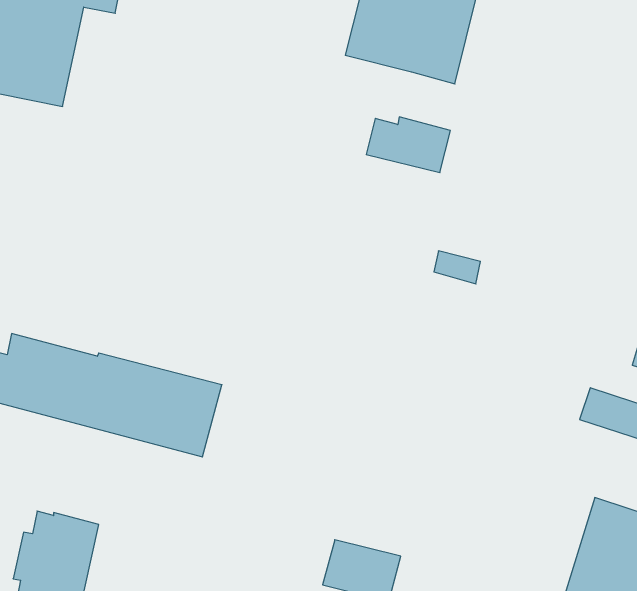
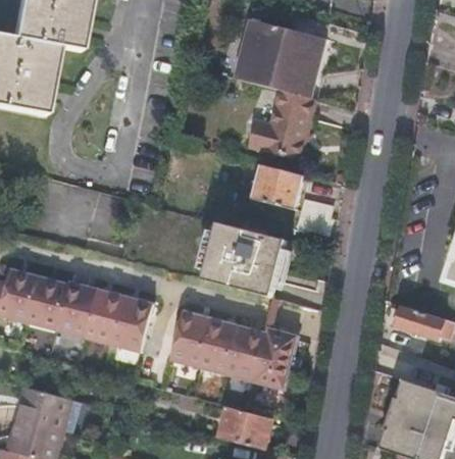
building: none -> [273,91,315,131]
building: none -> [253,164,303,210]
building: none -> [202,221,286,297]
building: none -> [169,311,297,390]

